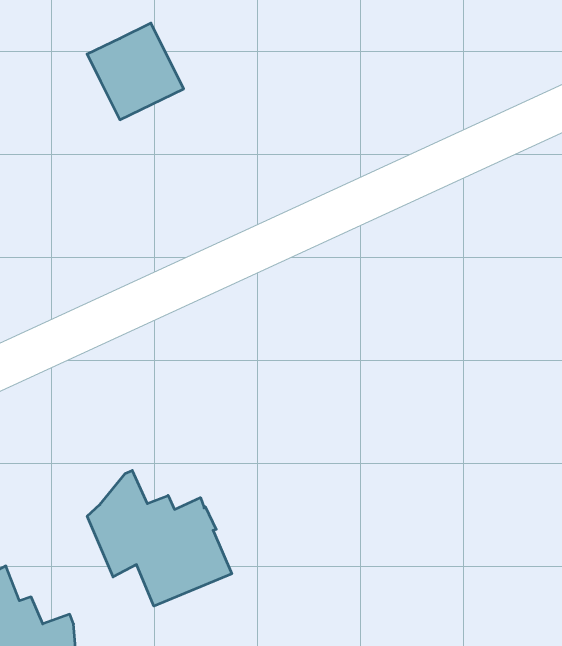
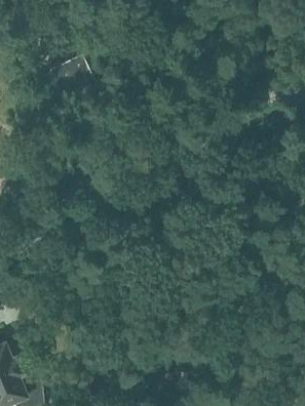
building: [87,470,232,606] -> none

